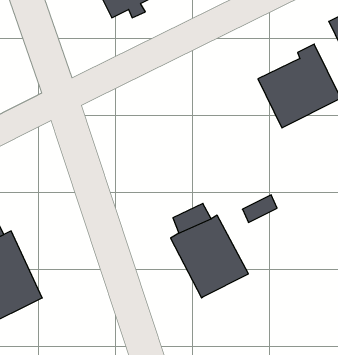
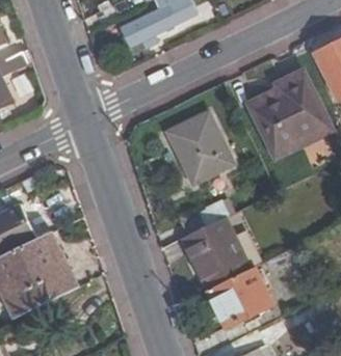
building: none -> [169,111,232,181]
building: none -> [207,268,272,327]

